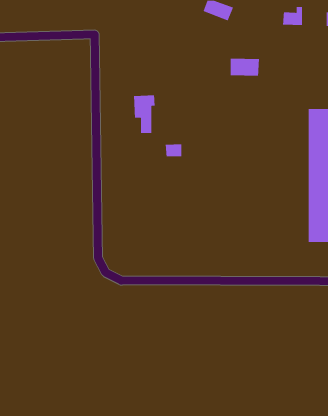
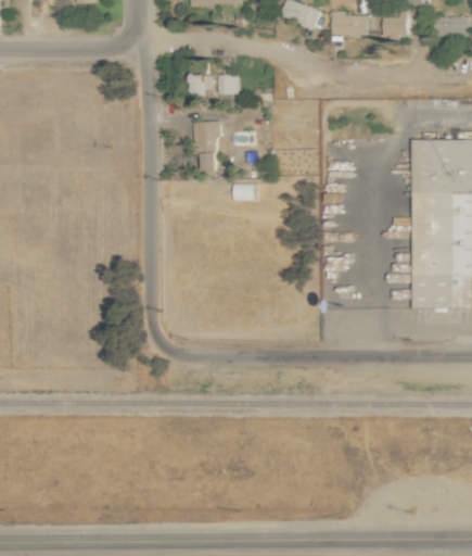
building: none -> [188,75,212,96]
building: none -> [217,75,238,96]
building: [230,58,260,77] -> [330,13,368,37]

